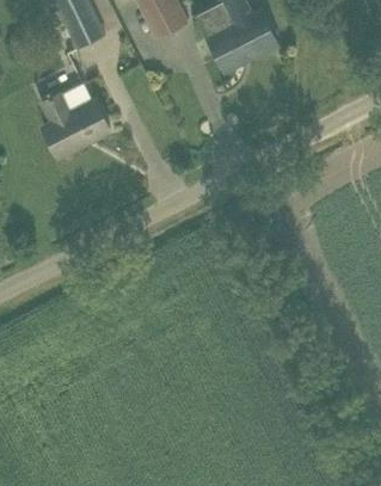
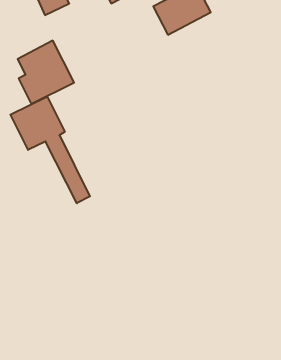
building: none -> [10,97,90,203]

